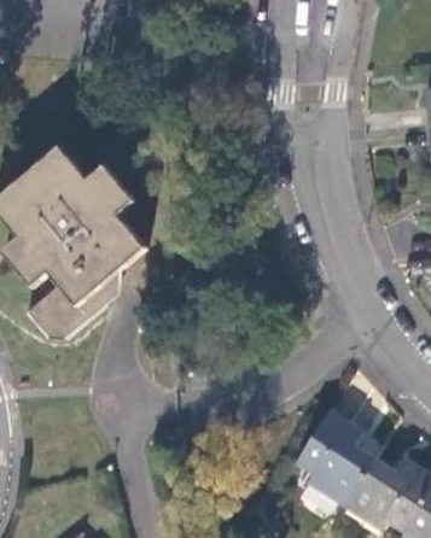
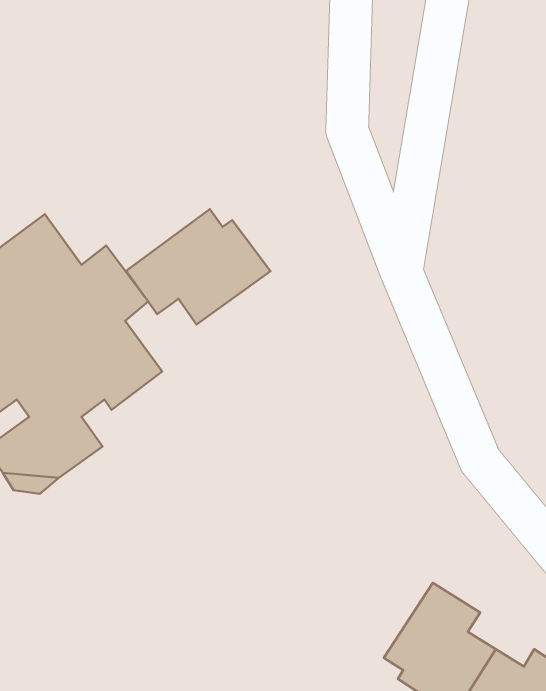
building: none -> [126,209,270,324]

